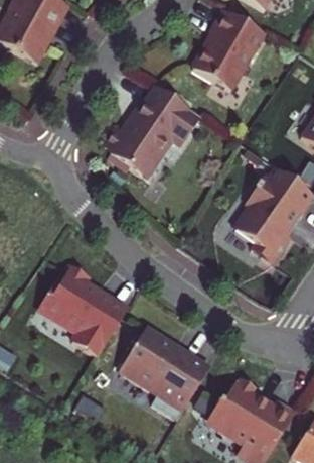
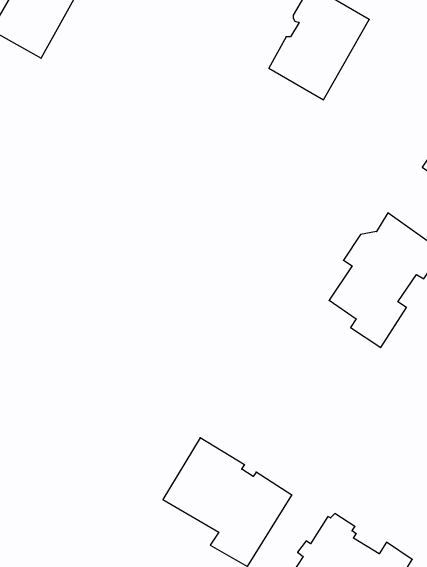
building: [105,85,201,173] -> none
building: [40,264,129,355] -> none

